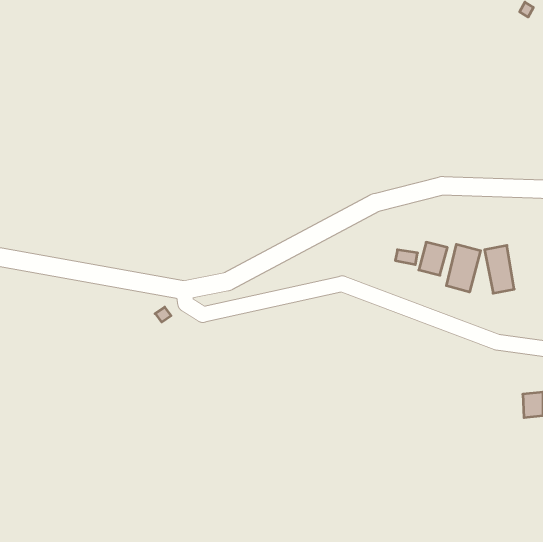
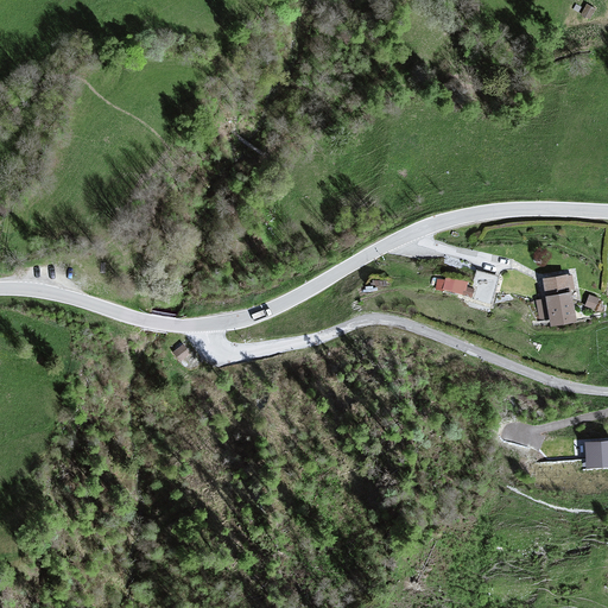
building: [446,244,481,292] -> none

